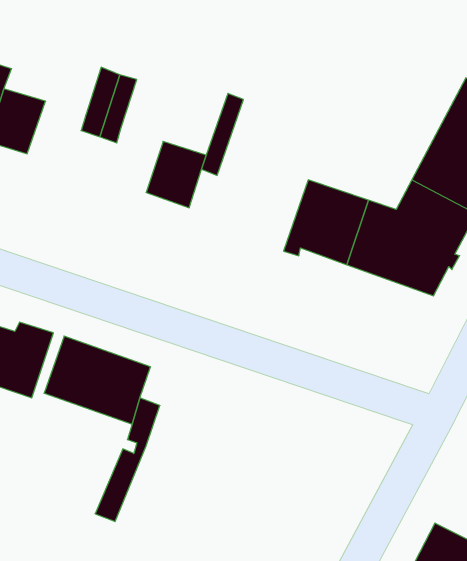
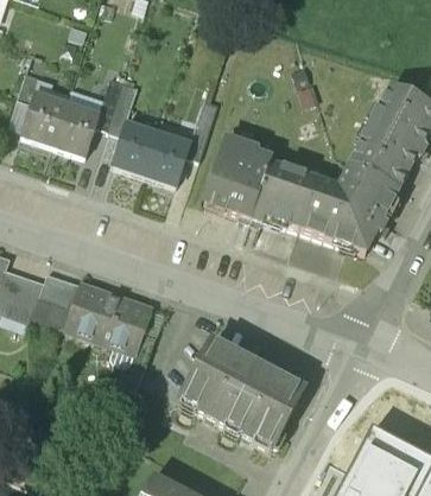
building: none -> [53,102,99,153]
building: none -> [114,122,158,172]
building: none -> [204,138,271,217]
building: none -> [179,343,299,447]

